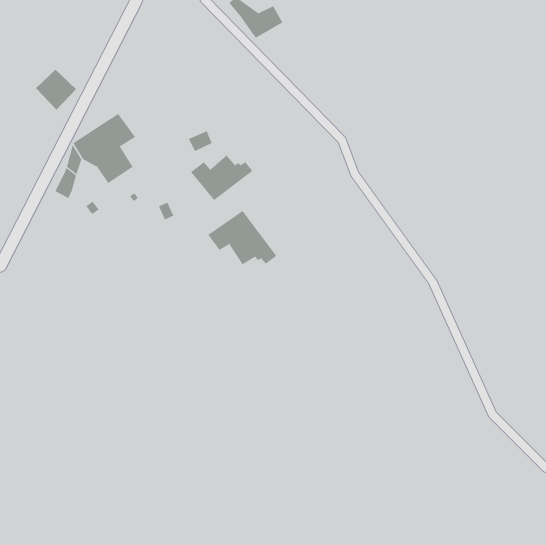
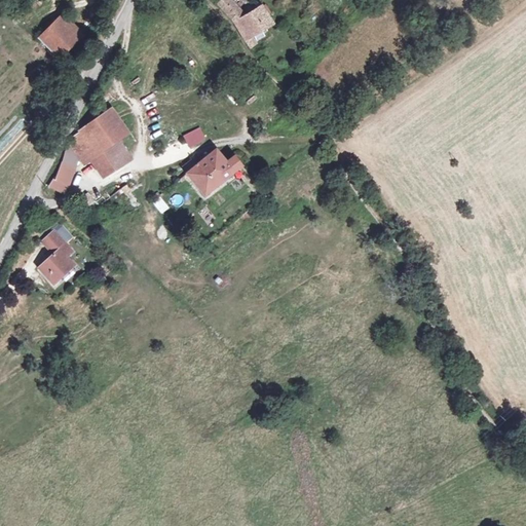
building: [35,69,77,111] -> [39,17,79,58]
building: [207,210,277,265] -> none
building: none -> [38,231,74,284]

